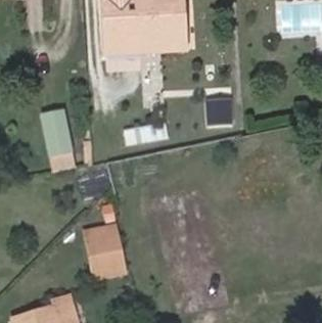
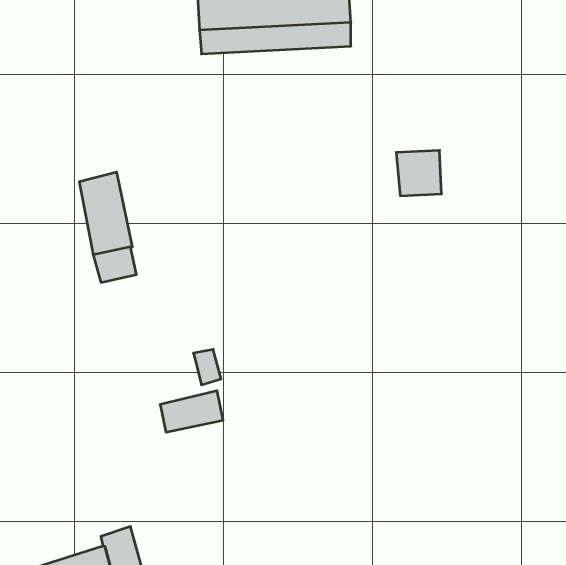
building: [88,242,125,282] -> none

